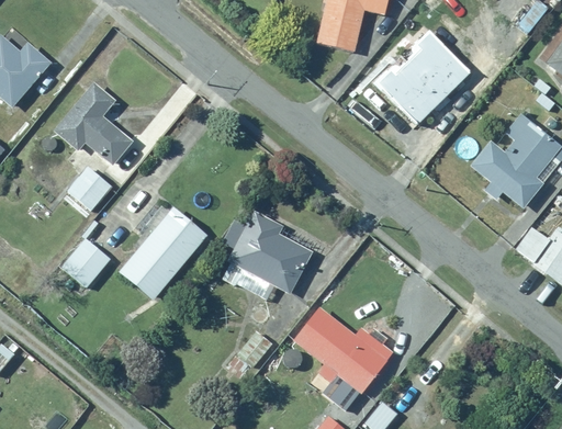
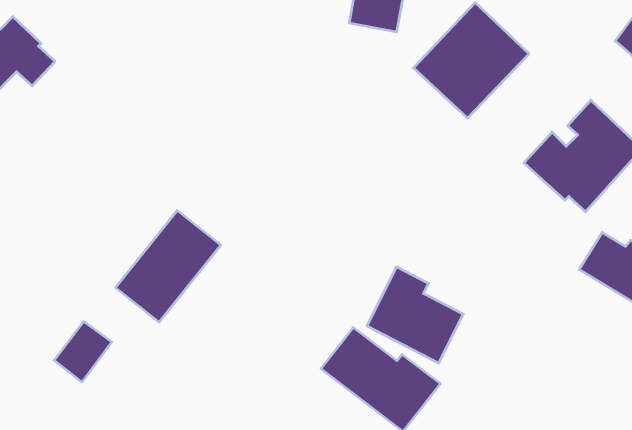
building: [50,81,131,166] -> none
building: [67,166,111,210] -> none
building: [229,212,312,294] -> [367,267,463,363]
building: [61,239,111,291] -> [54,322,112,382]

